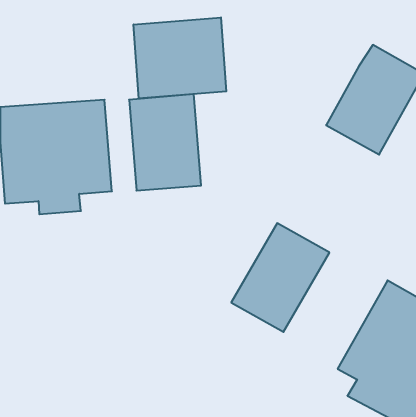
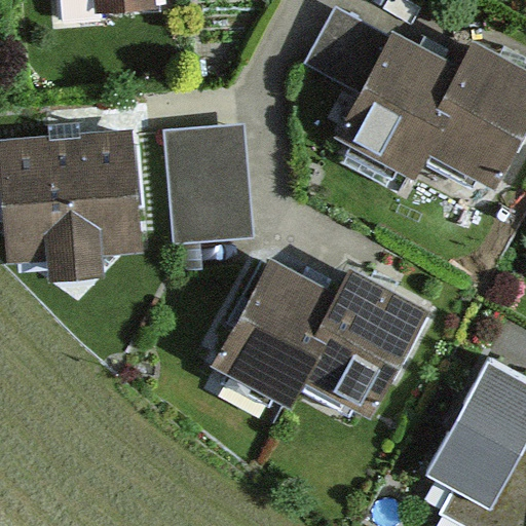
building: none -> [305,17,453,186]
building: [134,17,226,98] -> none
building: none -> [210,271,332,409]

